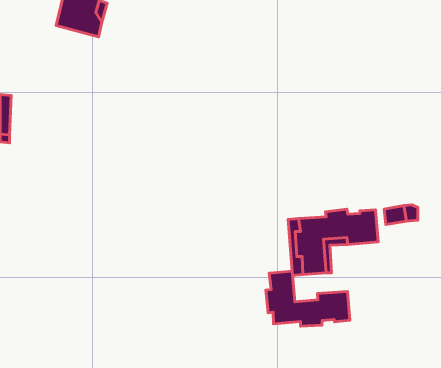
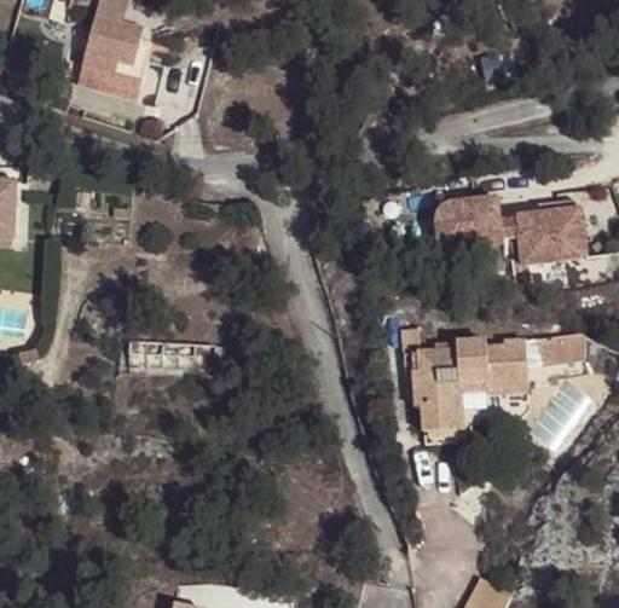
building: none -> [436,203,590,265]
building: [266,271,350,326] -> none

